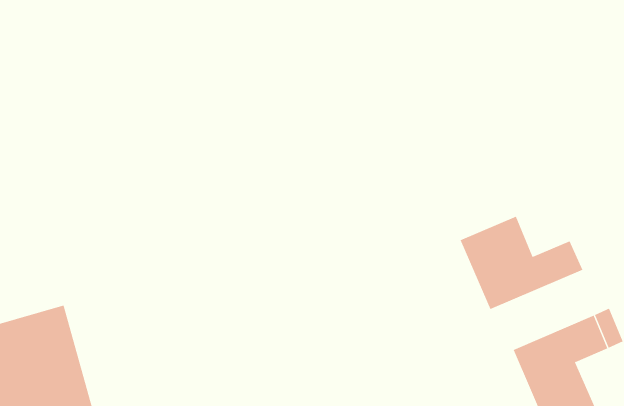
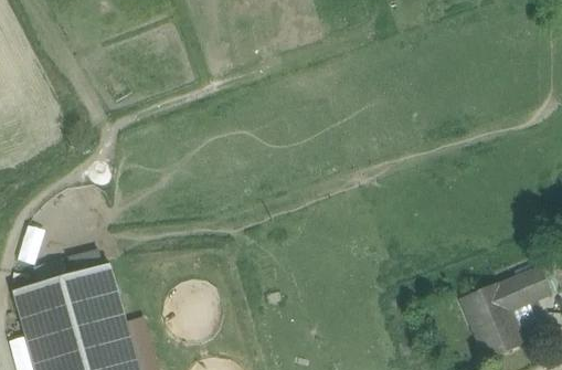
building: [460,216,583,310] -> none

